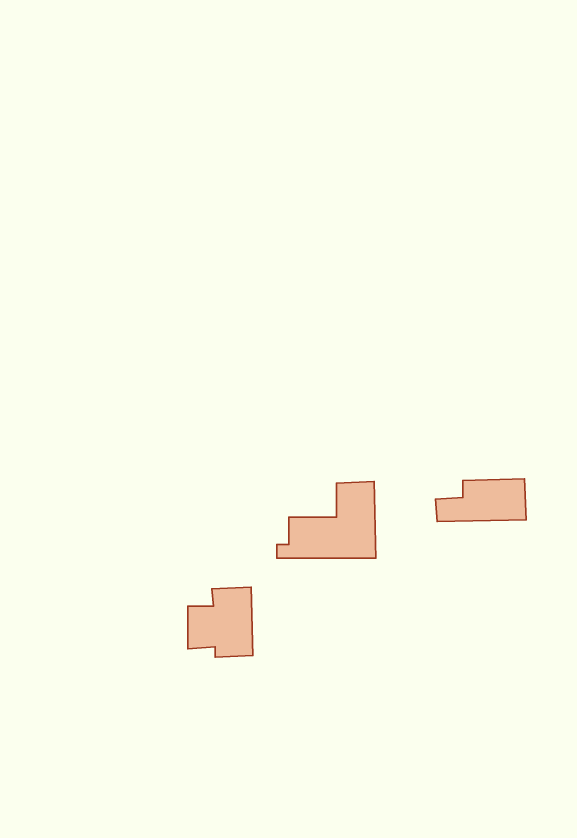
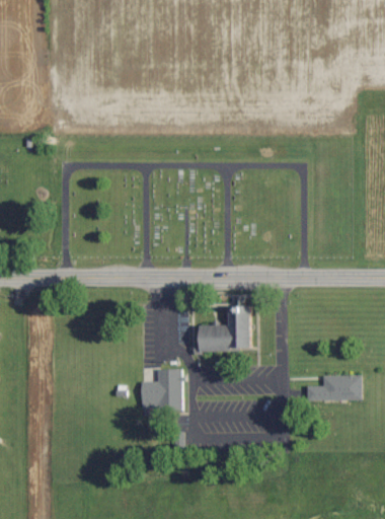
building: [436,479,526,521] -> [306,376,360,401]

